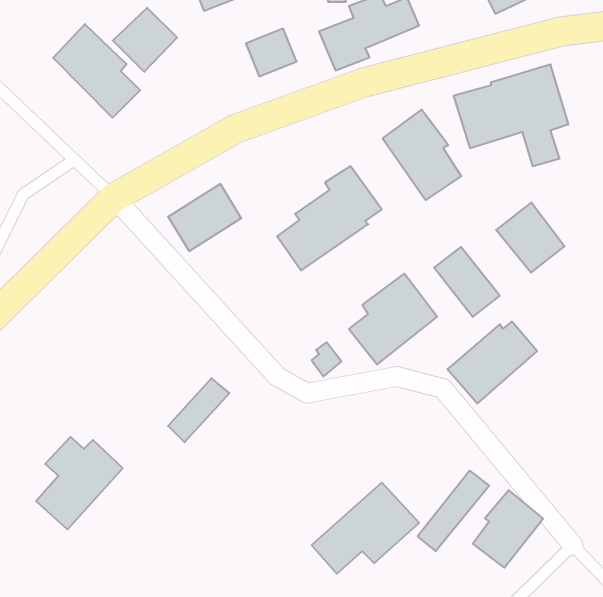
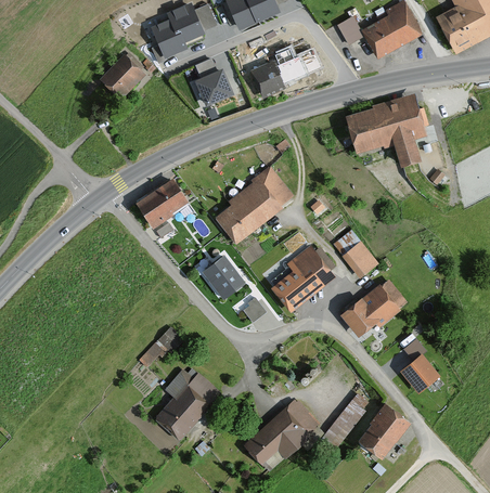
building: [53,24,140,118] -> none
building: [383,110,461,200] -> none
building: [496,202,565,273] -> none
building: none -> [201,256,243,299]
building: none -> [399,352,439,392]
building: [36,437,123,530] -> [156,371,219,438]

